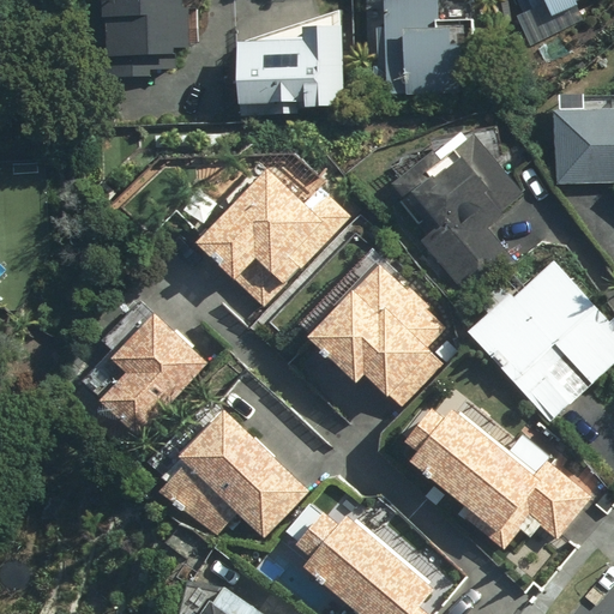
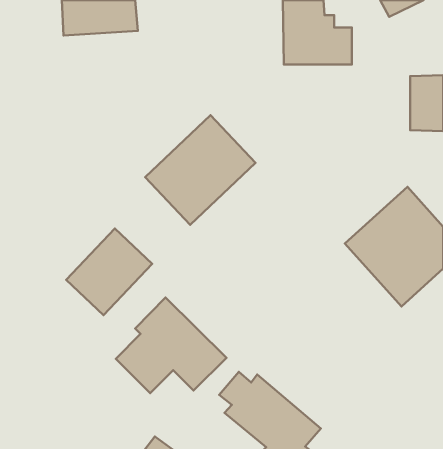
building: [237,25,342,103] -> none
building: [384,133,524,297] -> none
building: [314,266,443,408] -> none
building: [407,393,588,540] -> none

